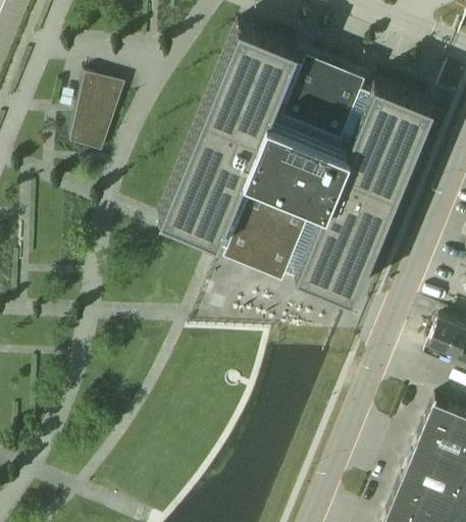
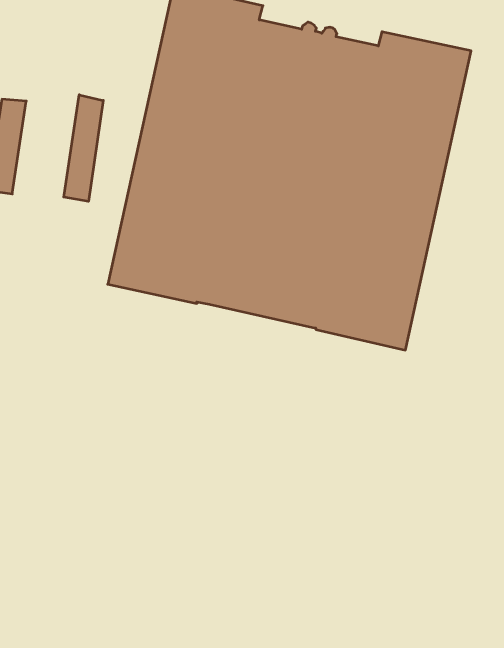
building: none -> [64,95,103,201]

